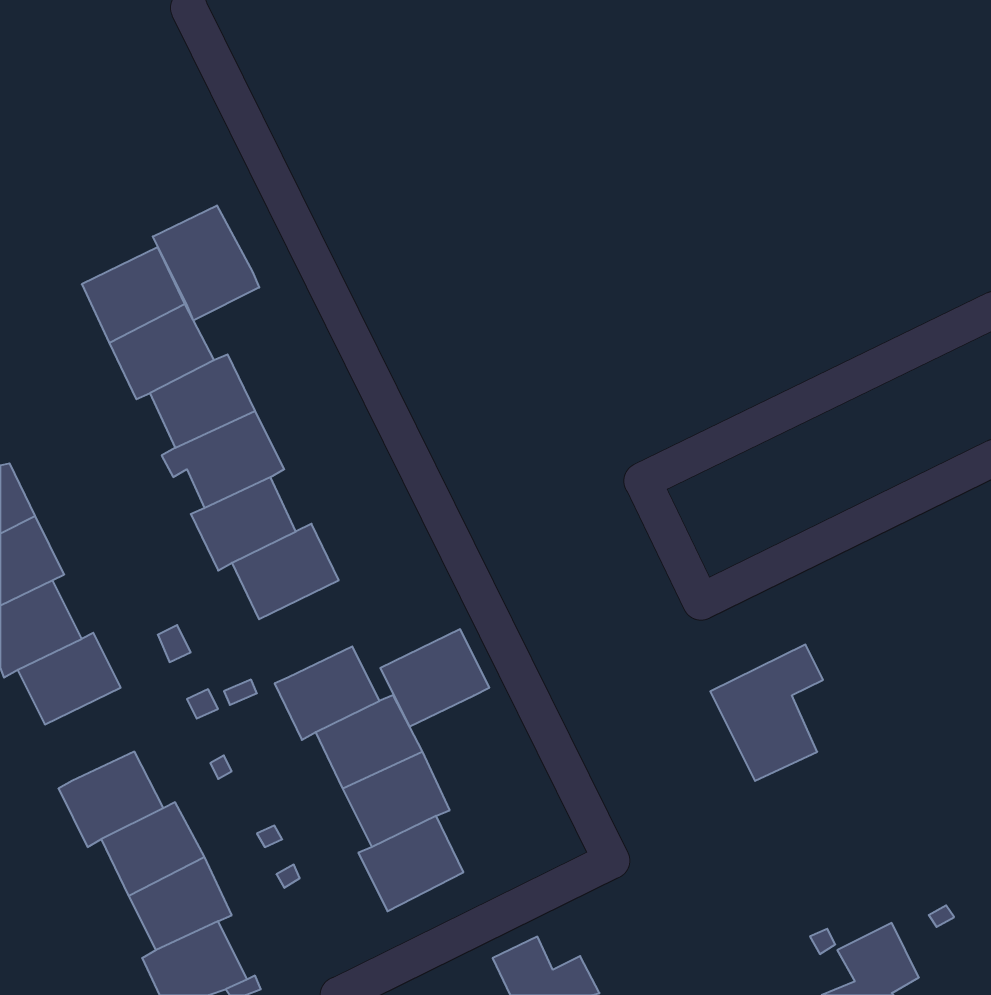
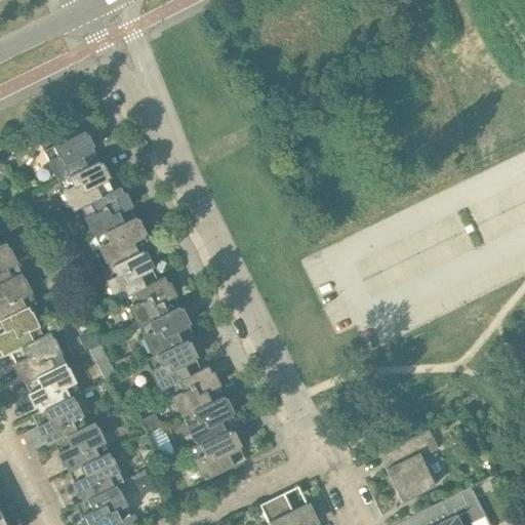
building: [153,205,259,320] -> none
building: [380,629,489,727] -> [138,306,196,357]
building: [710,645,823,781] -> [379,430,439,501]
building: none -> [26,362,80,411]

